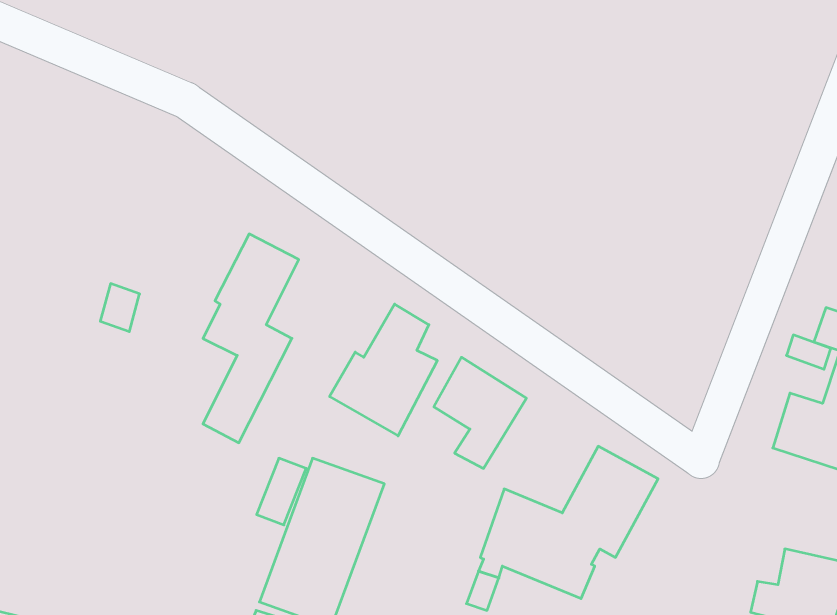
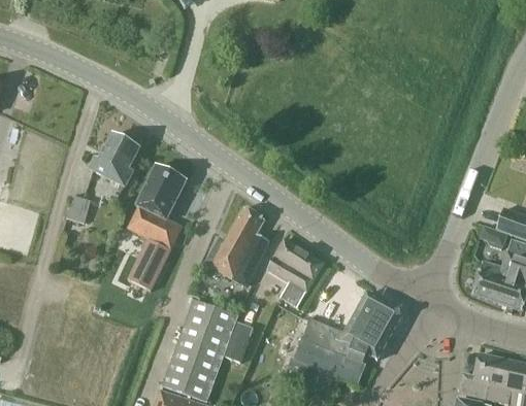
building: none -> [89,134,139,187]
building: [257,458,306,525] -> [223,323,253,363]

